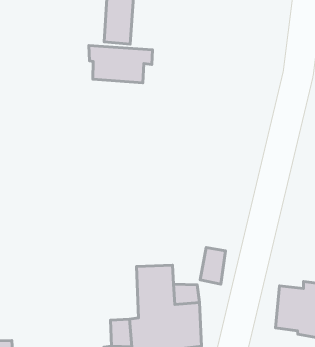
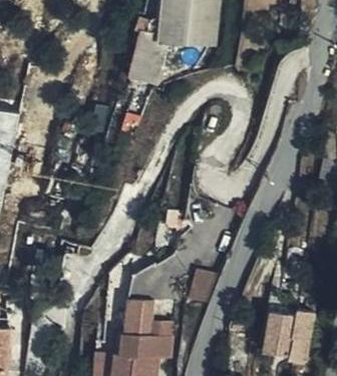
building: [89,46,153,83] -> none

